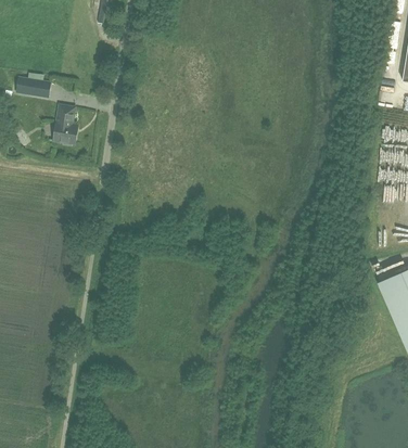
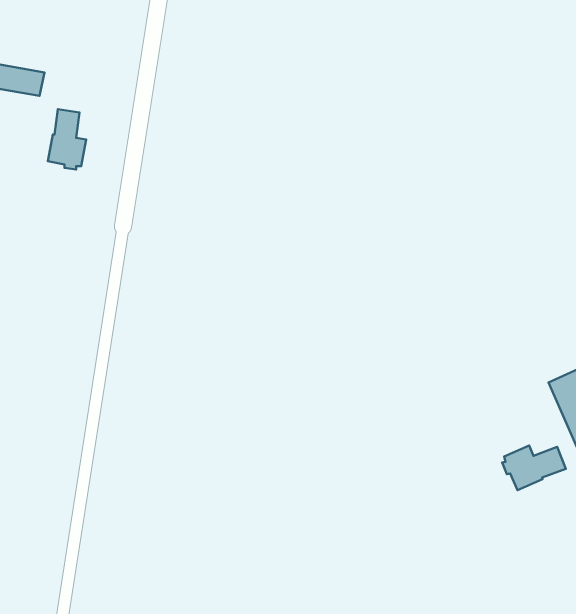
building: none -> [502,446,566,490]

